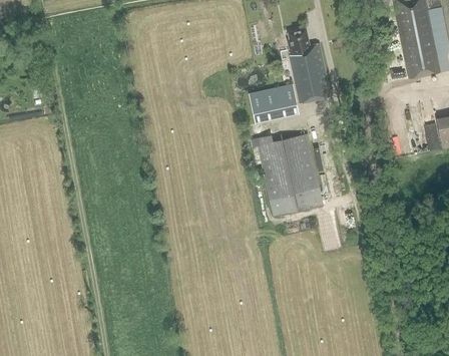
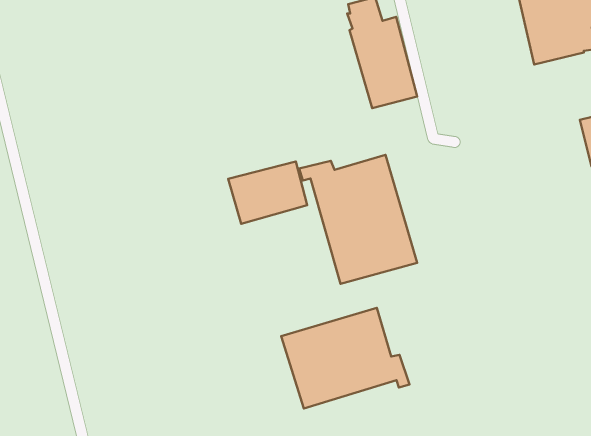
building: [247,83,298,122] -> [228,162,307,224]
building: none -> [281,308,410,408]

